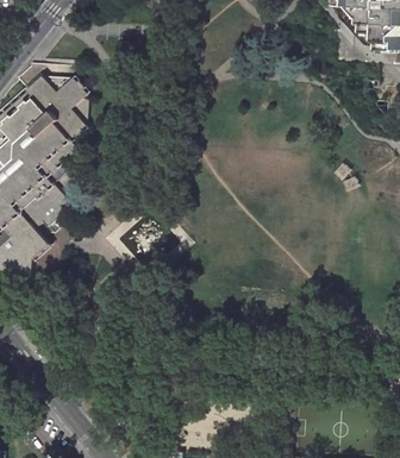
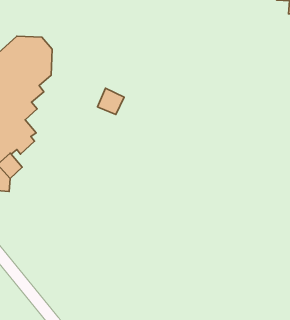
building: none -> [98,88,124,114]

